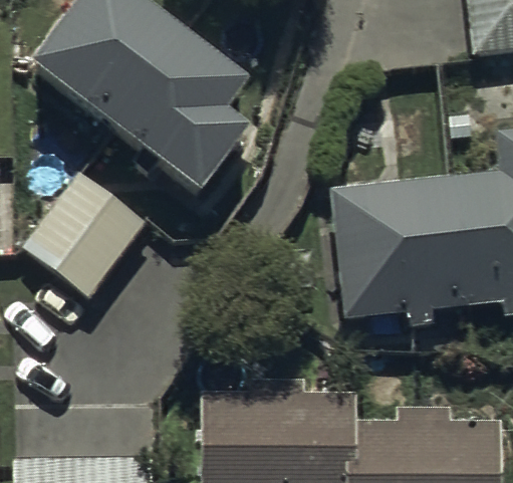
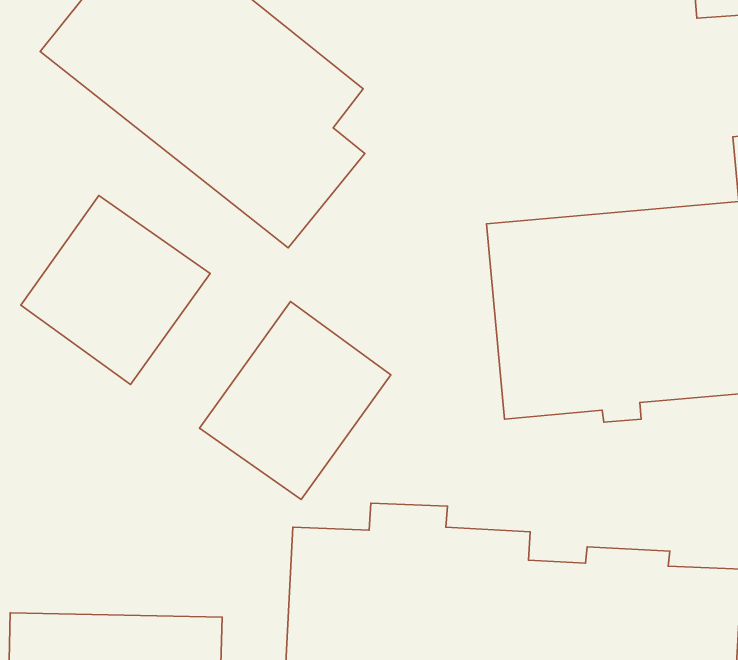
building: none -> [200,301,391,499]

